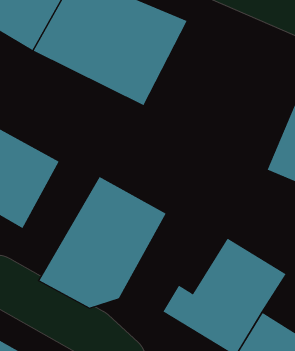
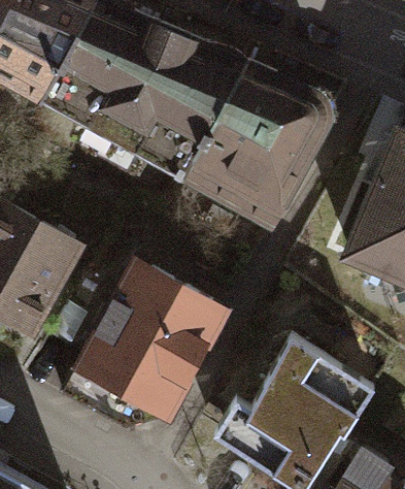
building: none -> [192,61,334,222]

